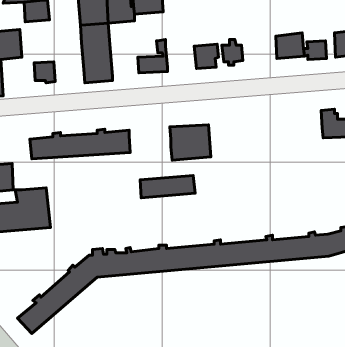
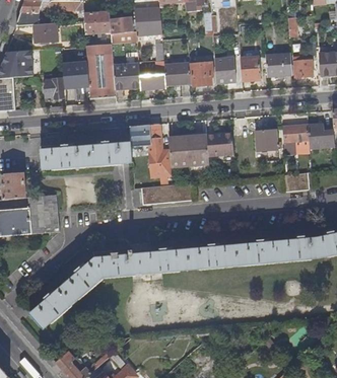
building: none -> [241,57,260,81]
building: none -> [63,62,89,88]
building: none -> [164,63,191,84]
building: none -> [114,65,137,92]
building: none -> [130,124,171,181]
building: none -> [282,124,309,151]
building: none -> [255,131,277,151]
building: none -> [207,134,233,158]
building: none -> [285,173,309,193]

